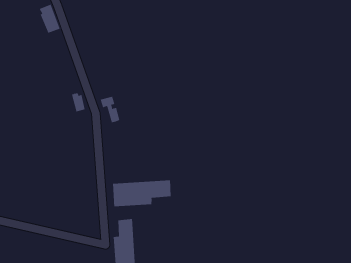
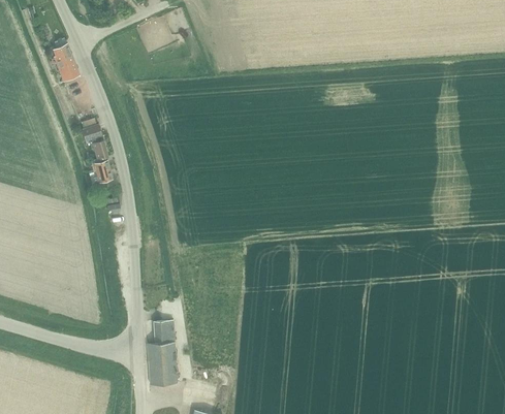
building: [100,96,120,123] -> [82,125,107,159]
building: [113,179,171,207] -> none

